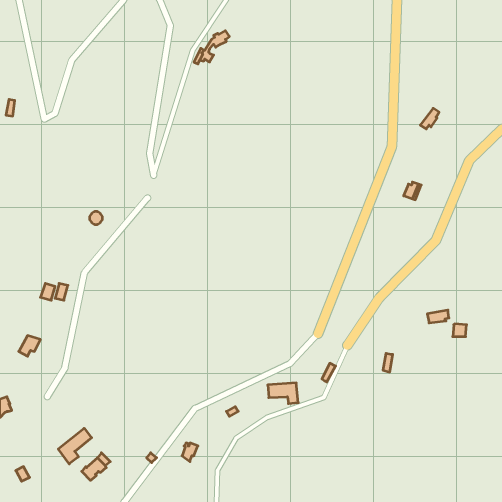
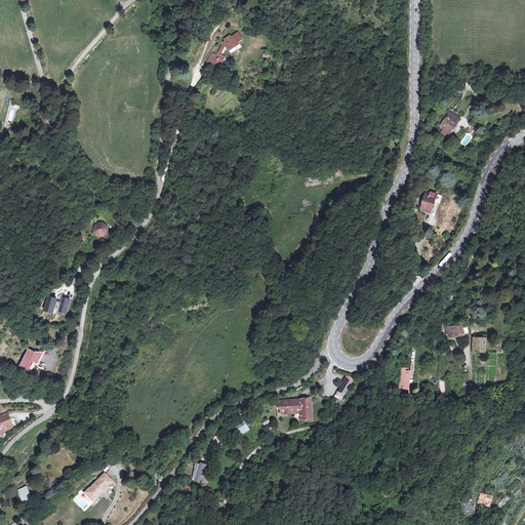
building: [58,428,92,464] -> none

